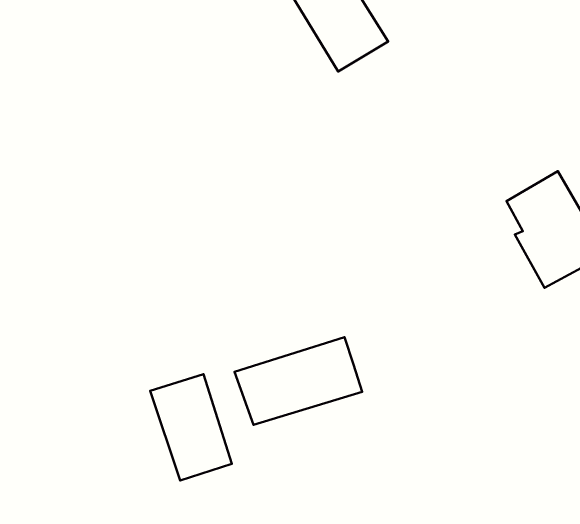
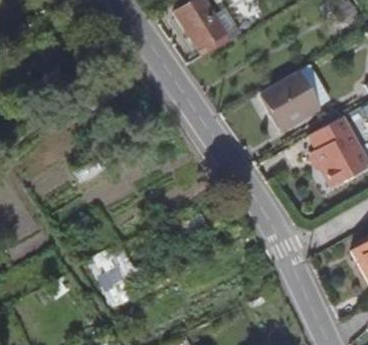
building: none -> [260,71,318,129]
building: [234,337,362,425] -> none

